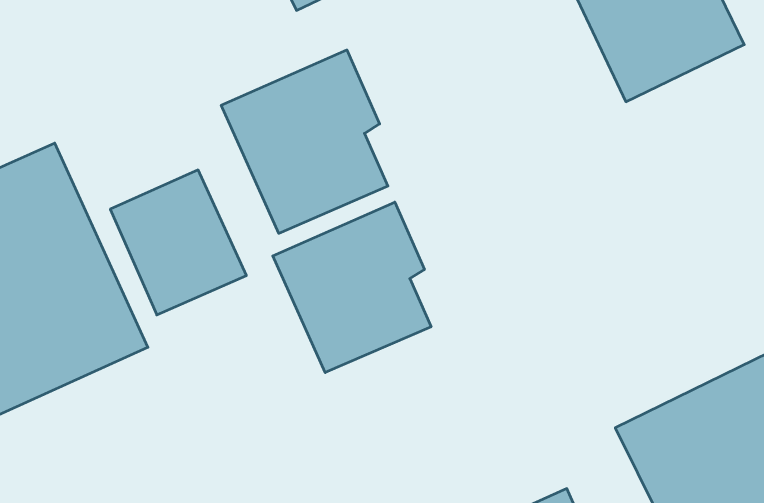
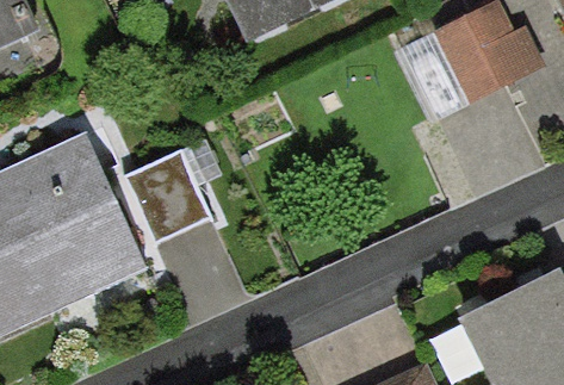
building: [221,50,388,233] -> none
building: [273,202,431,373] -> none

